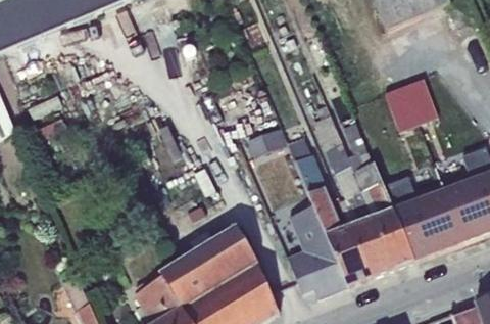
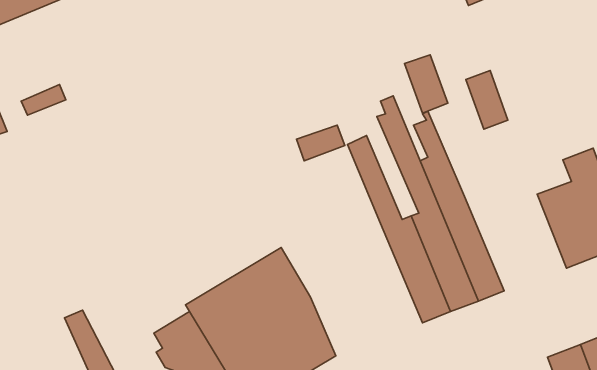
building: [402,76,437,123] -> [405,55,448,113]
building: [382,175,463,260] -> none
building: [285,205,348,297] -> none

